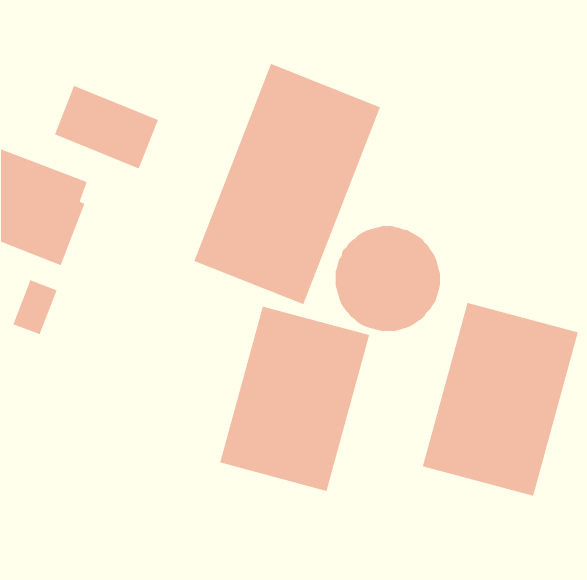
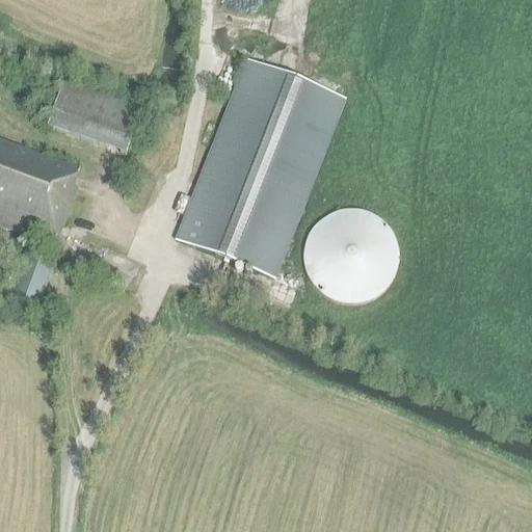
building: [422,302,578,497] -> none
building: [219,306,370,492] -> none

